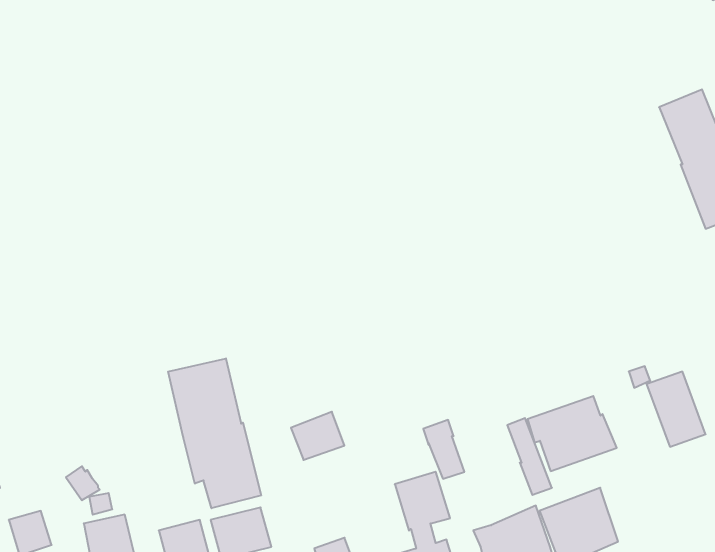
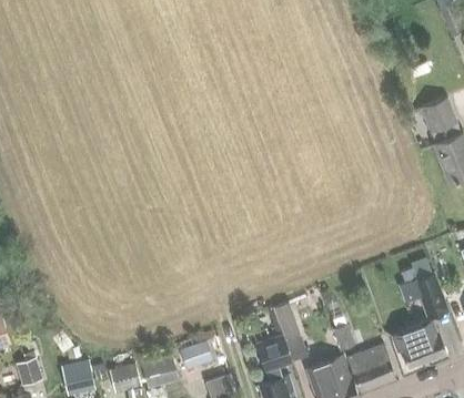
building: [168,358,261,508] -> none
building: [527,396,617,471] -> [391,320,446,367]
building: [291,412,344,460] -> [179,339,212,369]

